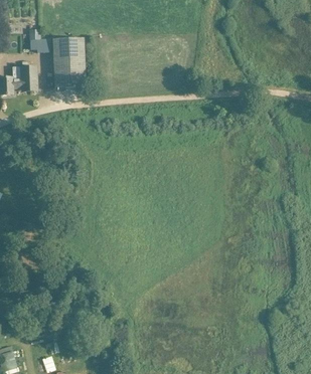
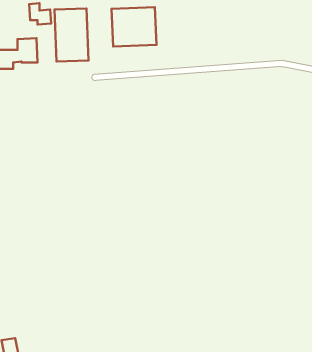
building: none -> [111,7,157,46]

